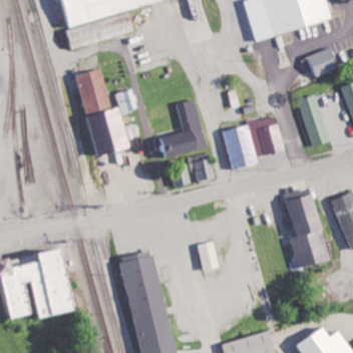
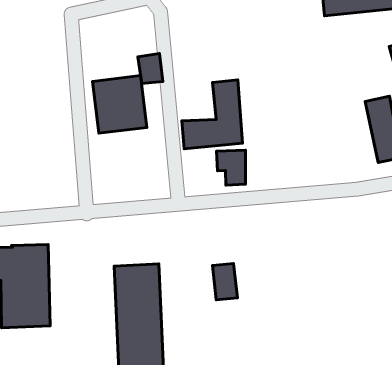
building: [76,68,109,113] -> none
building: [222,117,283,169] -> none
building: [287,194,329,268] -> none

